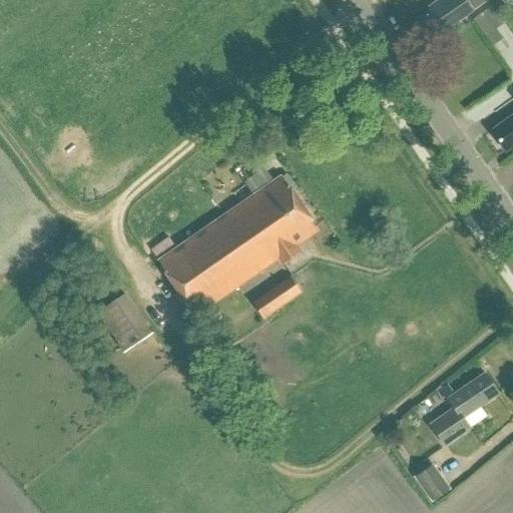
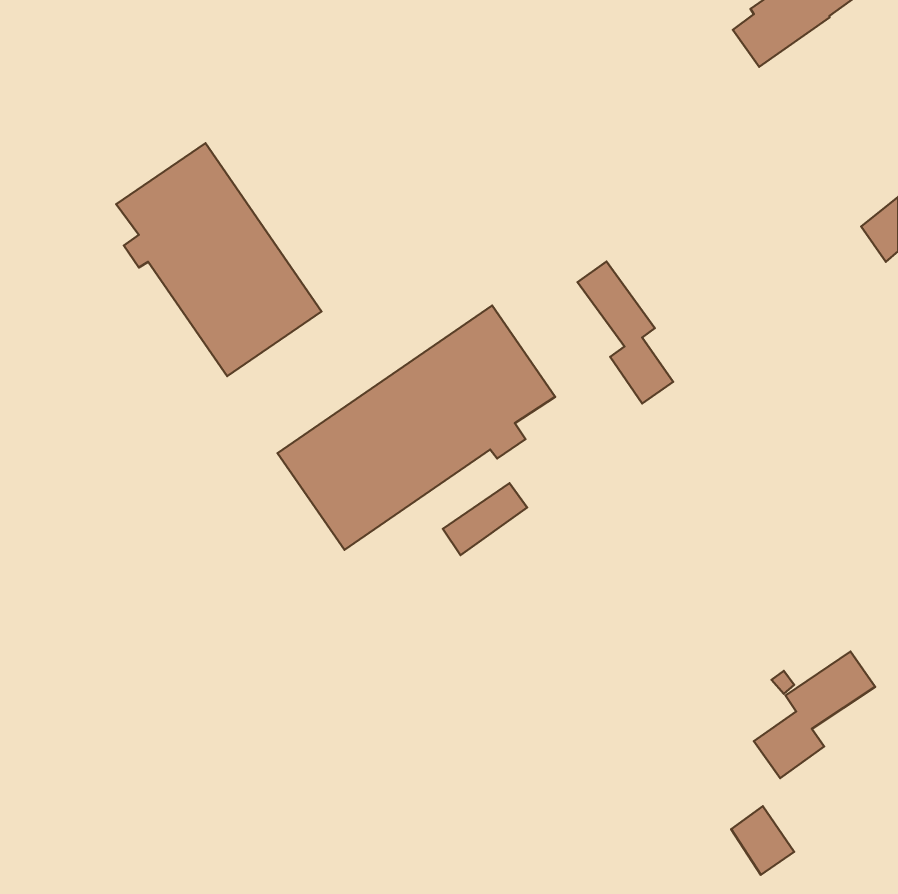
building: none -> [116,143,321,376]
building: none -> [578,262,673,403]
building: [96,293,151,352] -> none

